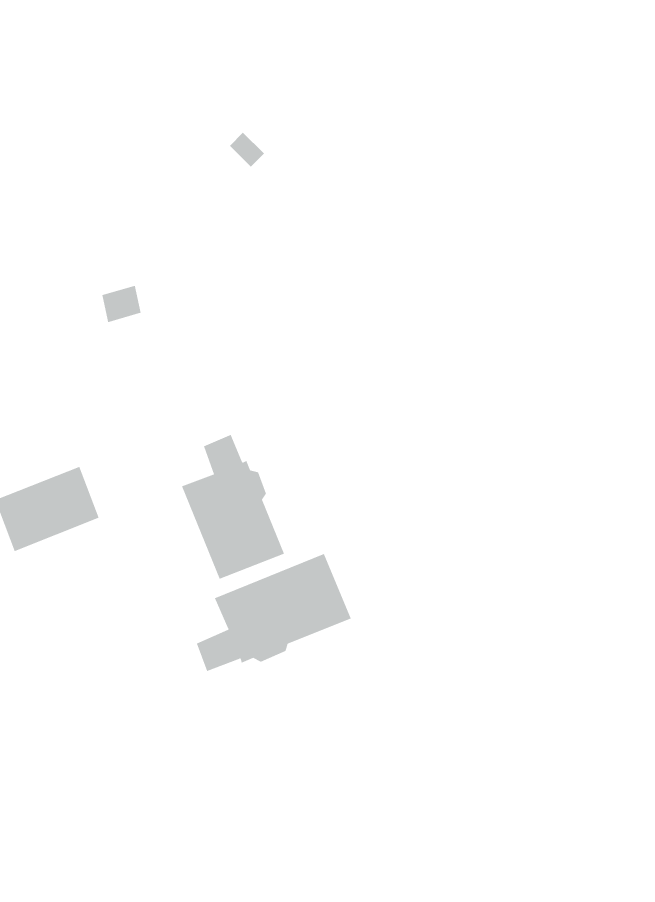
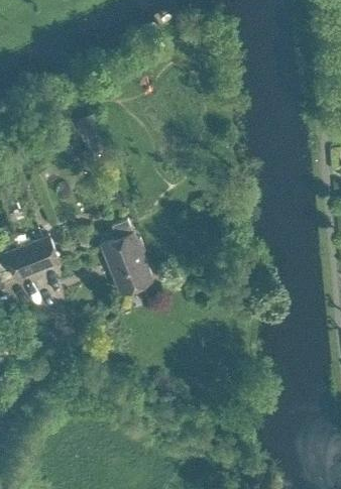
building: [196,553,351,672] -> none

